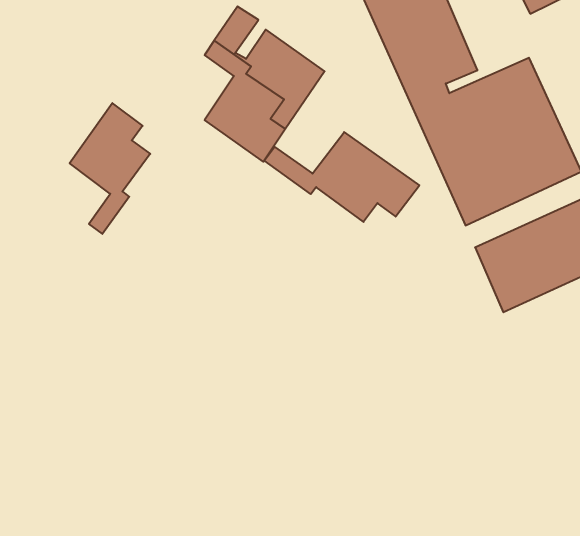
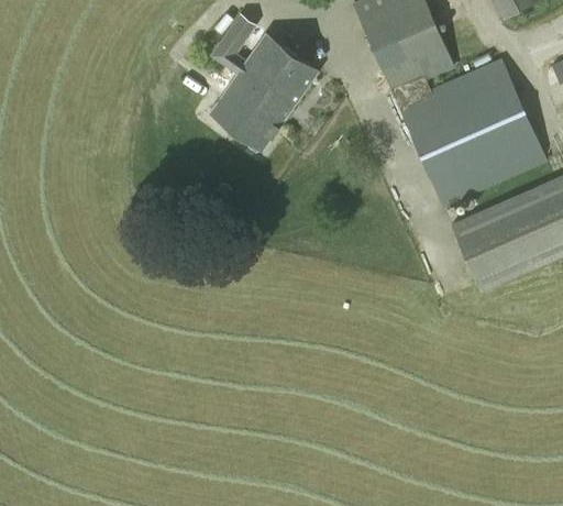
building: [70,103,150,234] -> none
building: [264,132,419,222] -> none

